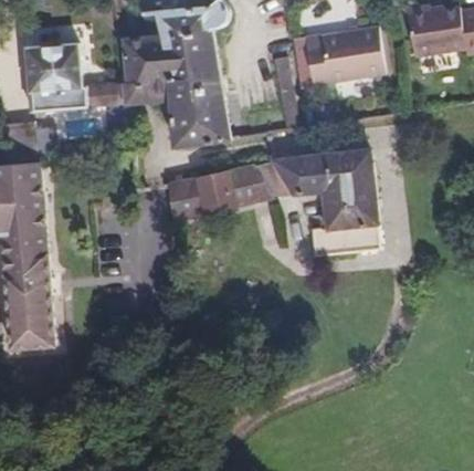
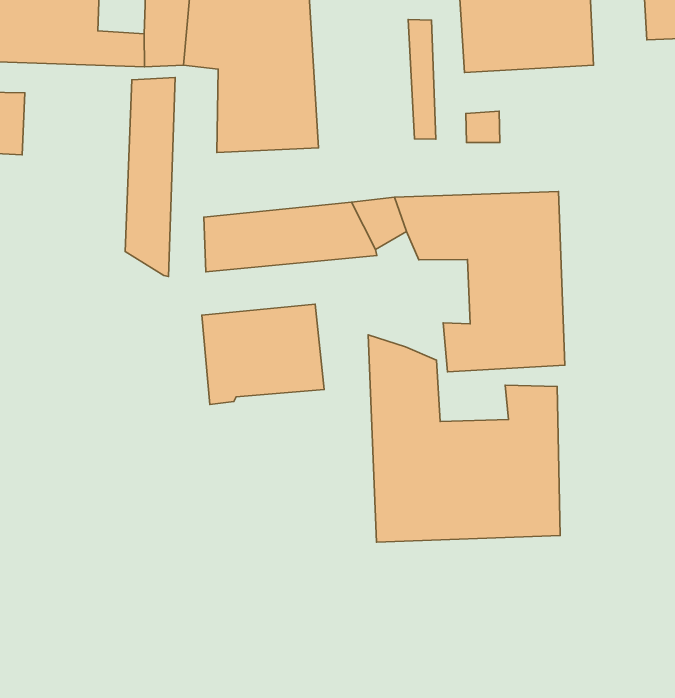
building: none -> [125,78,175,276]
building: none -> [202,304,324,405]
building: none -> [368,335,560,542]

